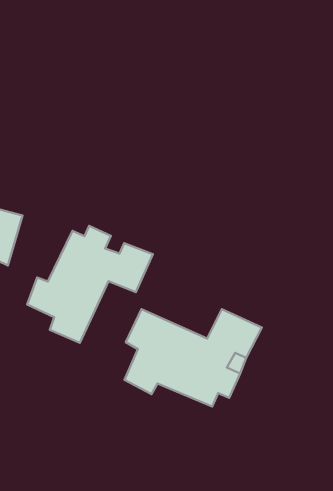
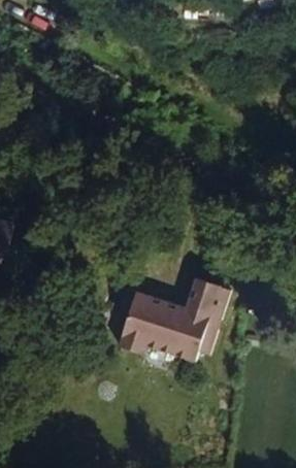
building: [27,226,153,343] -> none

